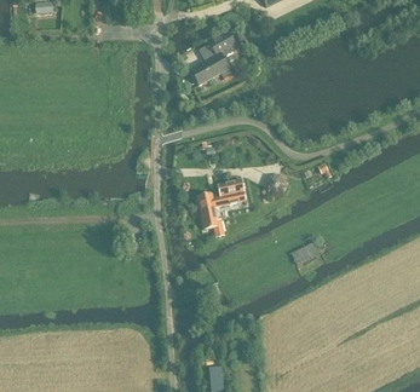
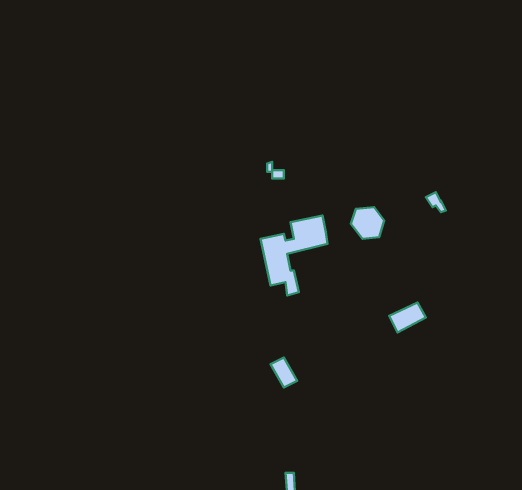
building: [190,31,238,85] -> none

